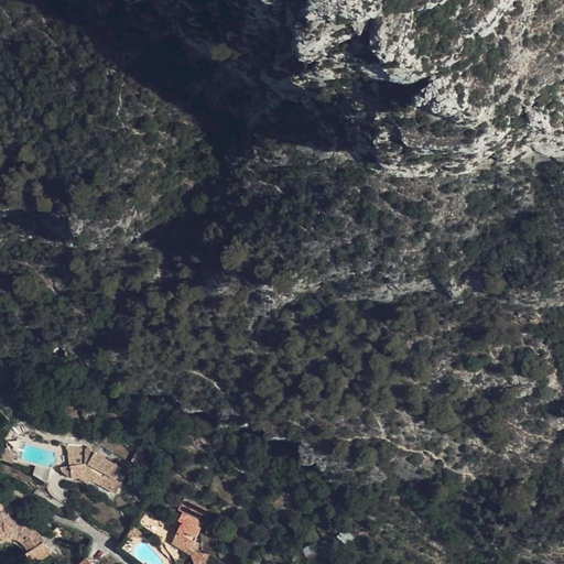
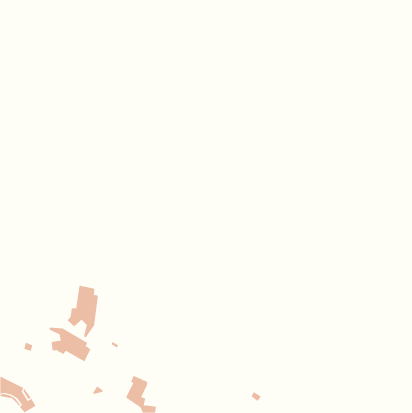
building: none -> [67,285,98,338]

